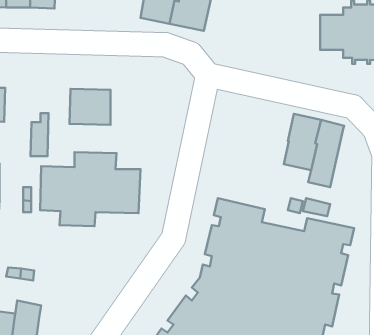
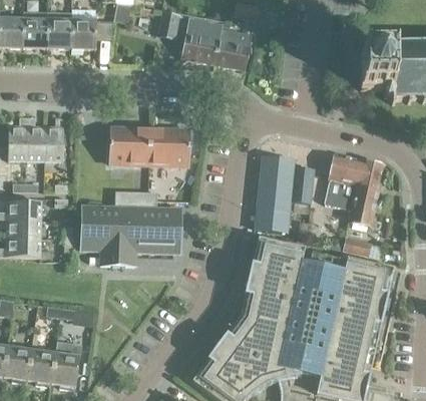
building: none -> [150,128,188,164]
building: [30,113,49,156] -> [44,117,62,160]
building: none -> [254,155,313,232]

